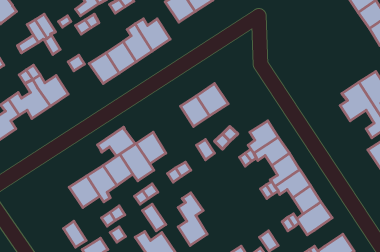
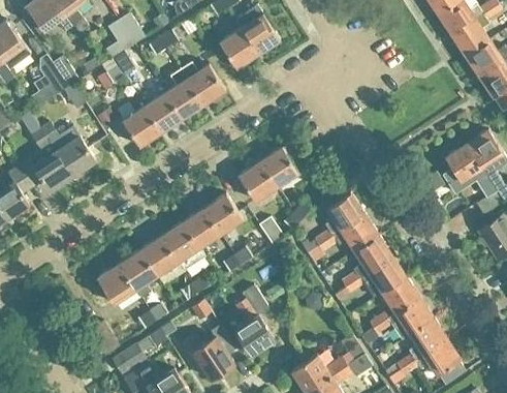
building: none -> [203,194,242,235]
building: [97,127,135,156] -> none
building: none -> [410,318,446,354]

